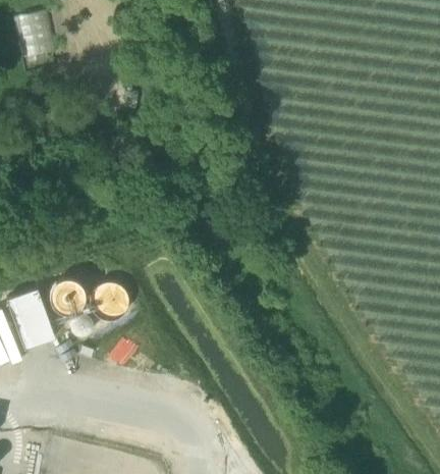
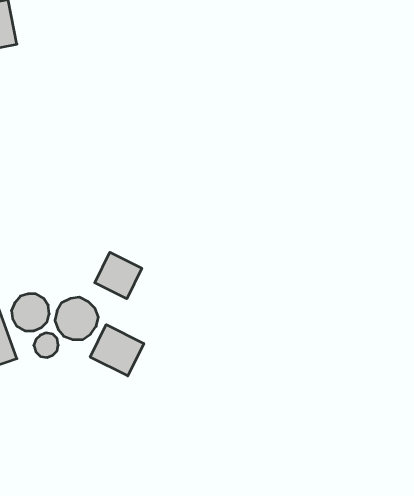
building: none -> [95,252,142,299]
building: none -> [90,325,144,376]

